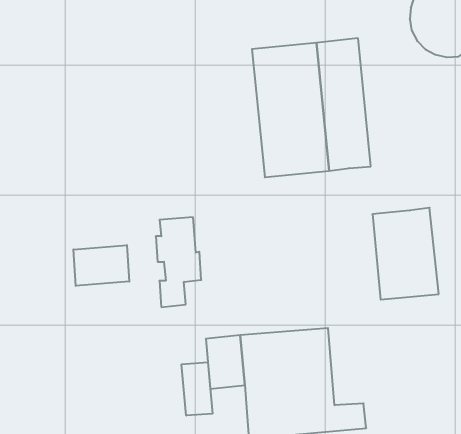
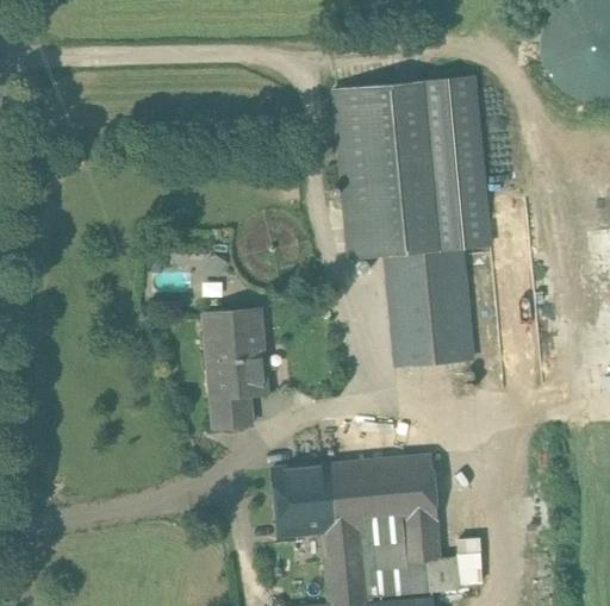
building: [372,208,439,300] -> [386,246,473,367]
building: [73,245,129,286] -> none
building: [182,362,212,416] -> none

